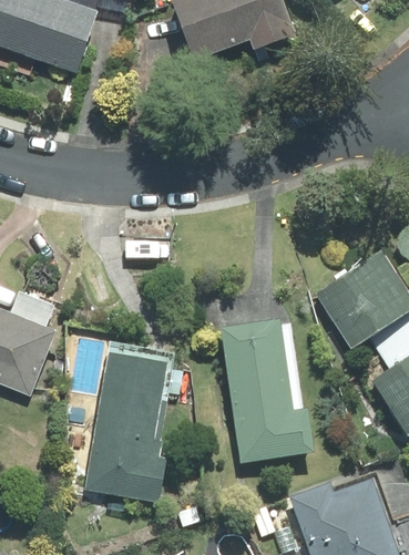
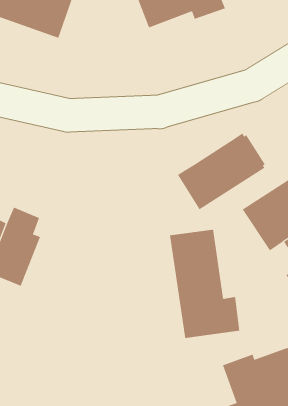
building: none -> [177,132,266,210]
building: [83,346,174,503] -> none

